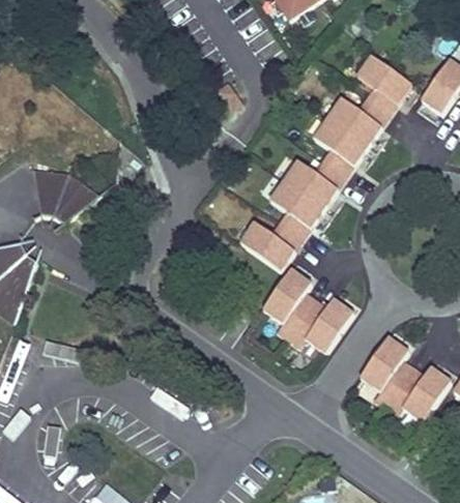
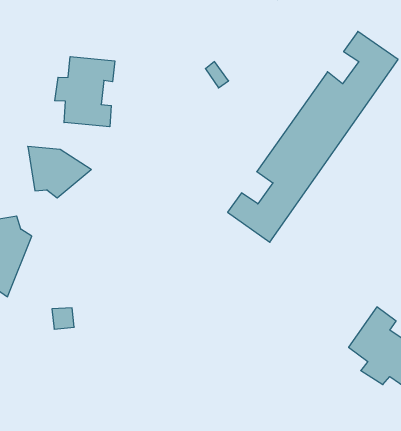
building: none -> [55,57,115,127]
building: [265,267,357,353] -> none

